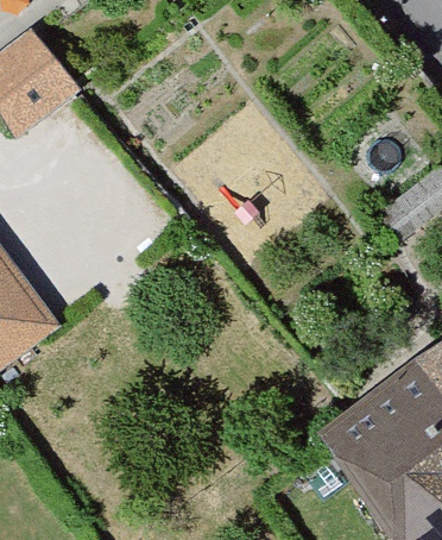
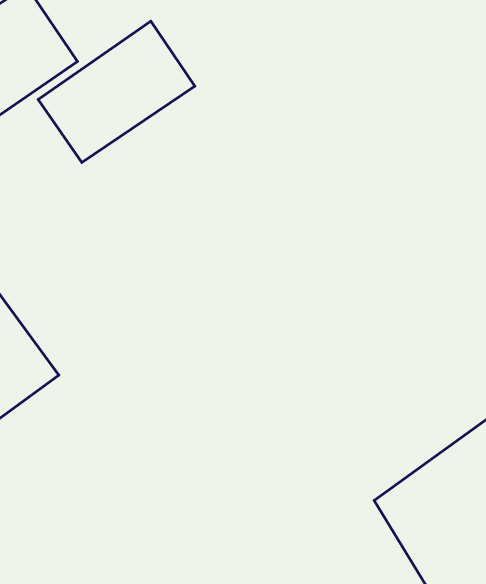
building: none -> [38,21,195,163]

